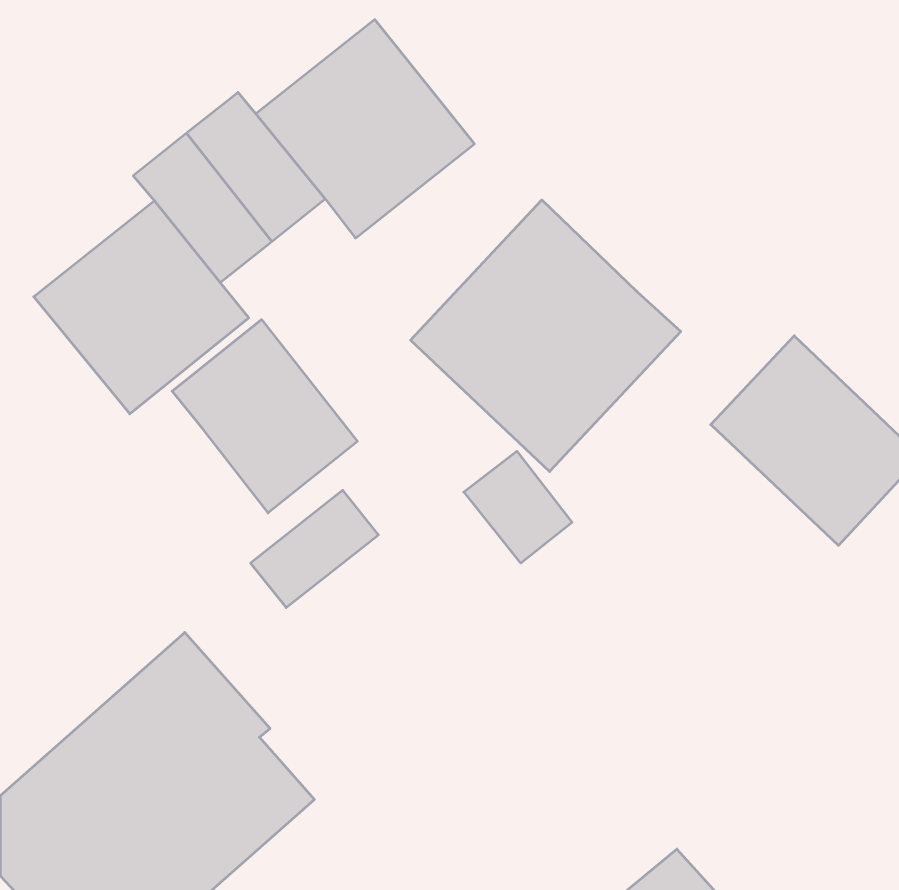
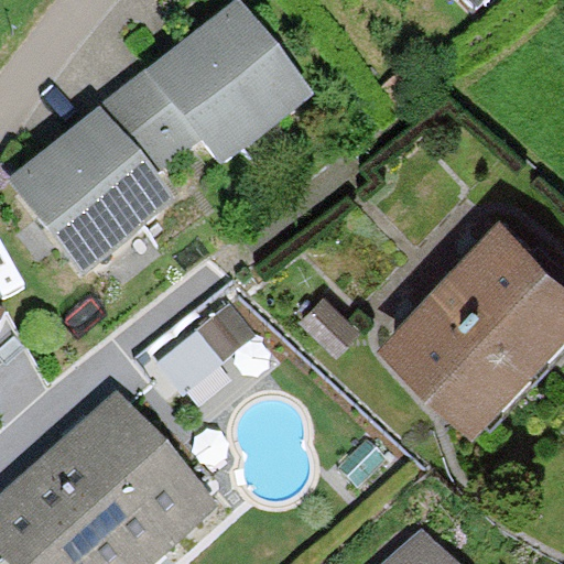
building: [411,200,681,472] -> none
building: [172,320,357,513] -> none
building: none -> [393,274,525,404]

